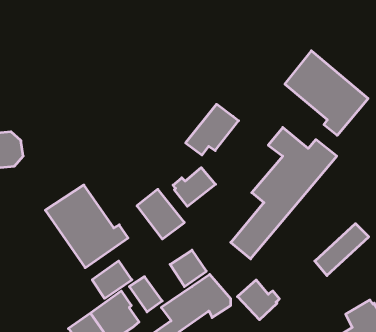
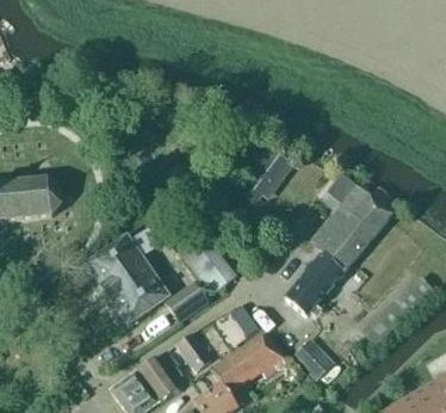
building: [285,51,368,135] -> none
building: [173,168,216,206] -> none
building: [92,261,132,298] -> [165,282,207,322]

